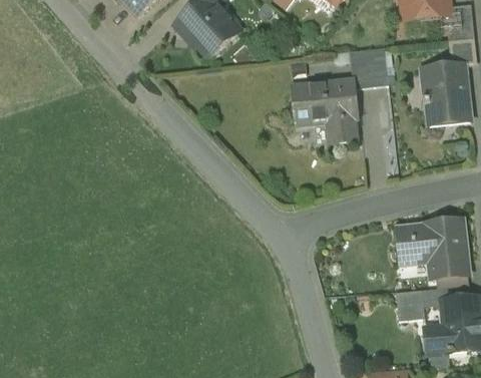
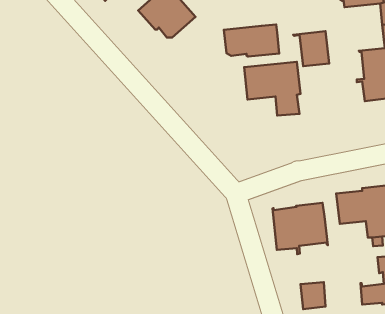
building: none -> [224,24,279,56]
building: none -> [273,203,328,254]
building: [396,289,424,319] -> [300,282,326,309]

